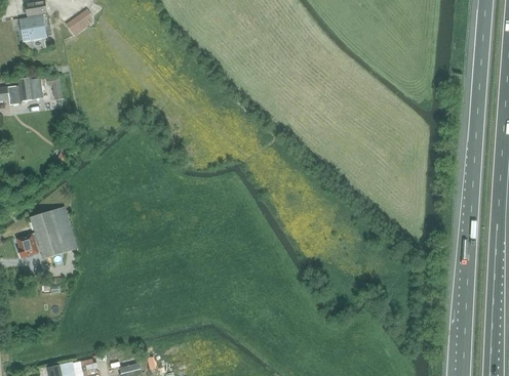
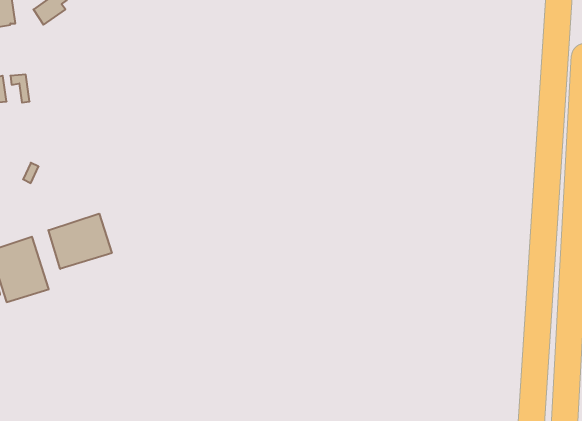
building: none -> [48,214,112,269]

